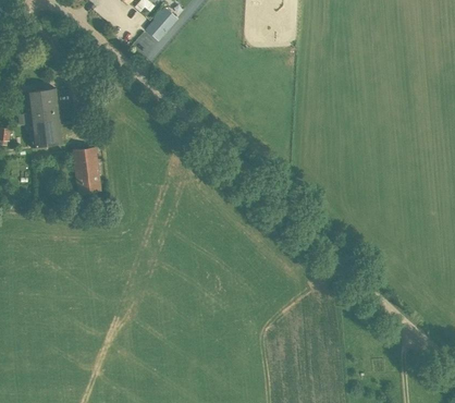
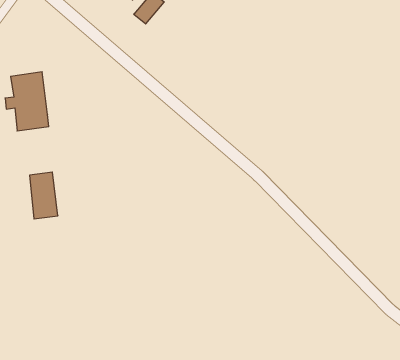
building: [72,147,100,194] -> [30,172,58,219]

